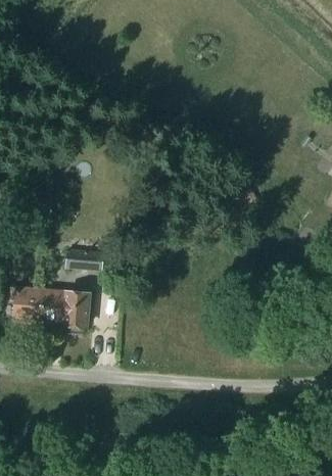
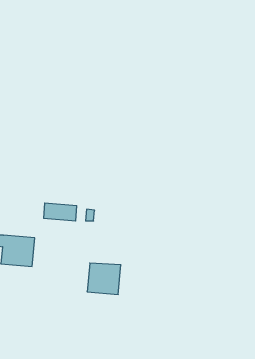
building: [52,290,91,326] -> [87,263,121,294]

